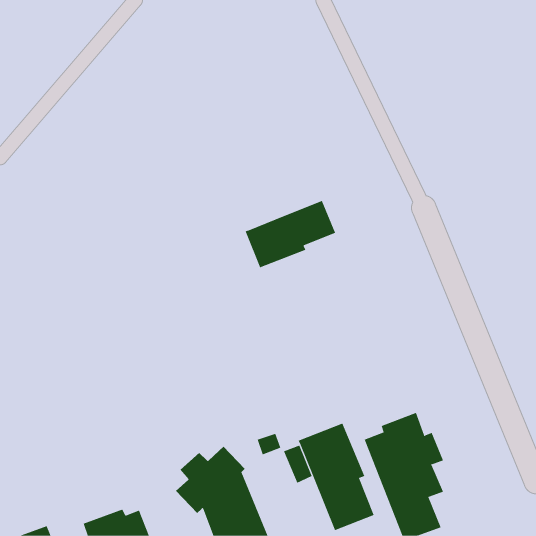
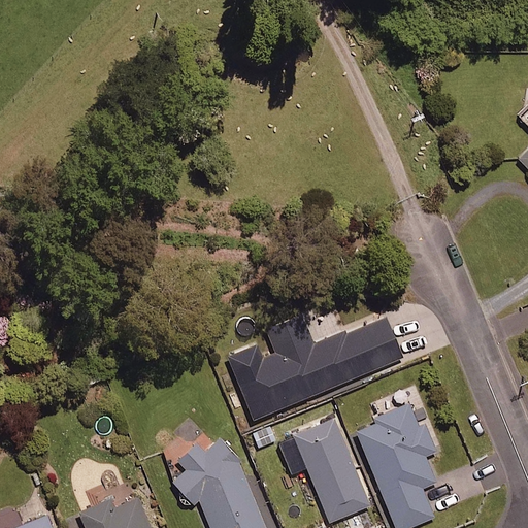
building: [245,200,336,268] -> none
building: none -> [230,316,403,417]

